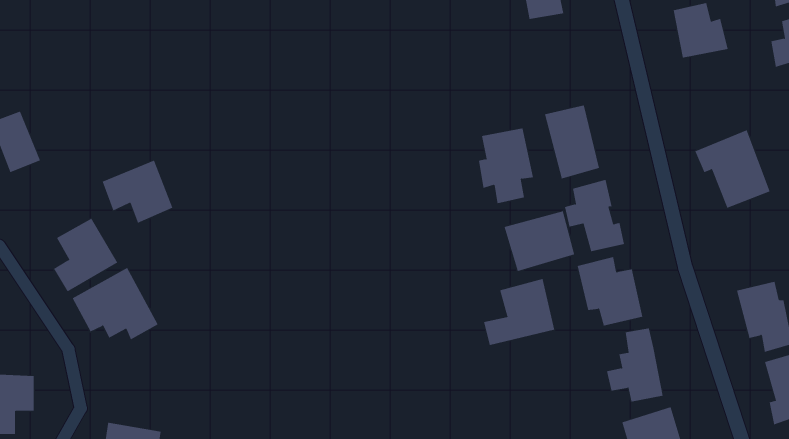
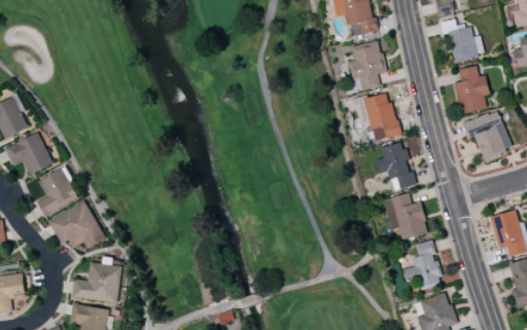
building: none -> [455,66,489,114]
building: [478,128,534,204] -> [349,40,386,90]
building: [102,160,173,223] -> [5,133,52,175]
building: [504,210,575,272] -> none
building: [483,278,555,346] -> none
building: none -> [72,257,121,303]

